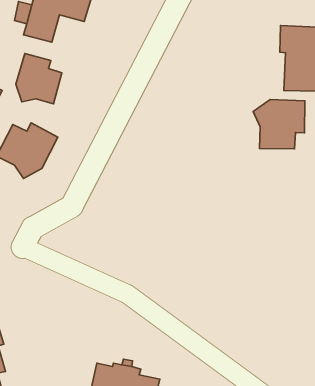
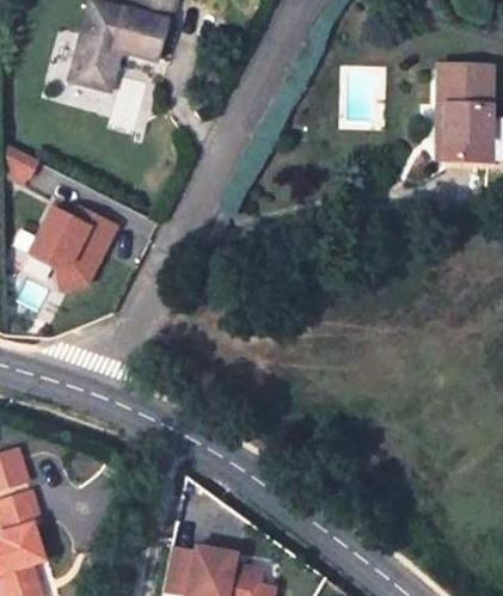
building: [16,54,62,104] -> none
building: [253,99,305,149] -> none

